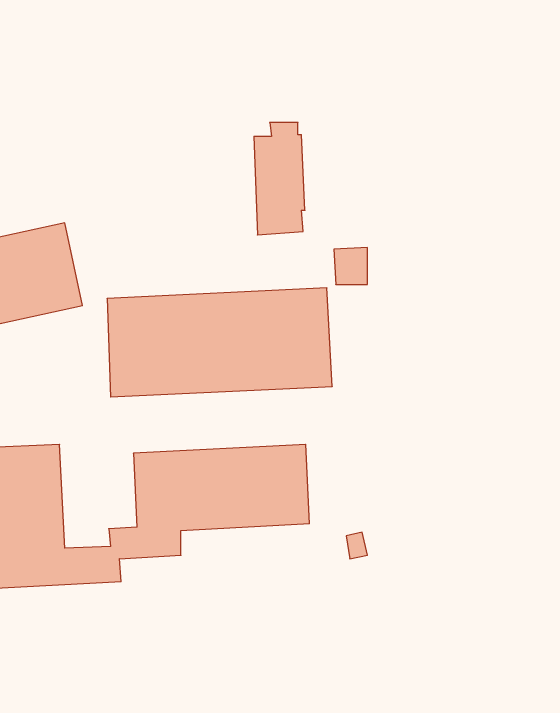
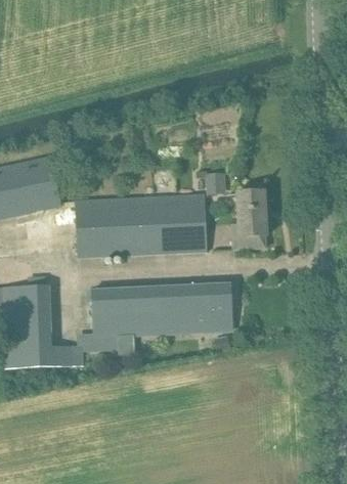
building: [254,122,305,235] -> [237,183,267,249]
building: none -> [191,282,232,331]

